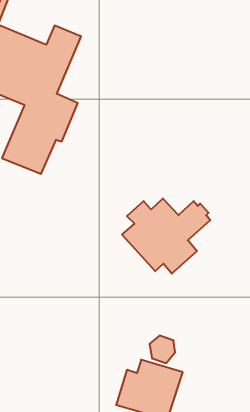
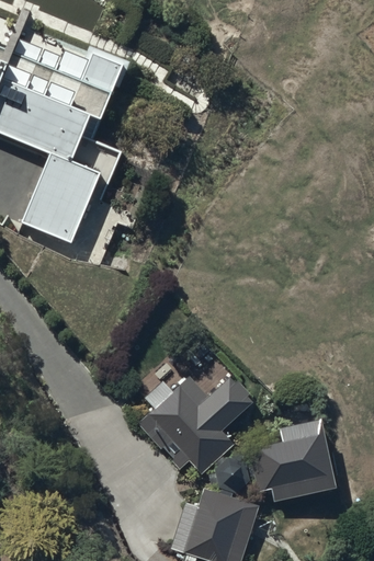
building: [122,199,210,274] -> [135,374,251,472]
building: none -> [256,417,335,500]

